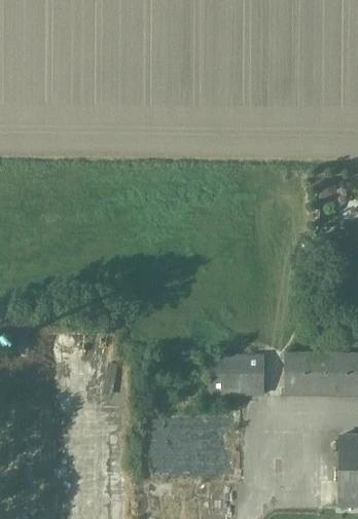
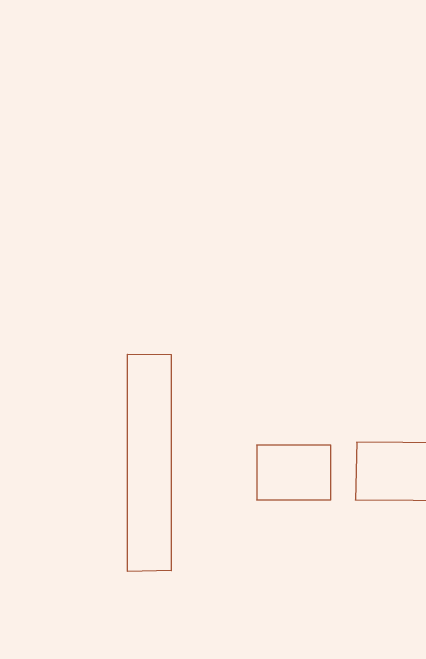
building: none -> [127,354,171,571]

